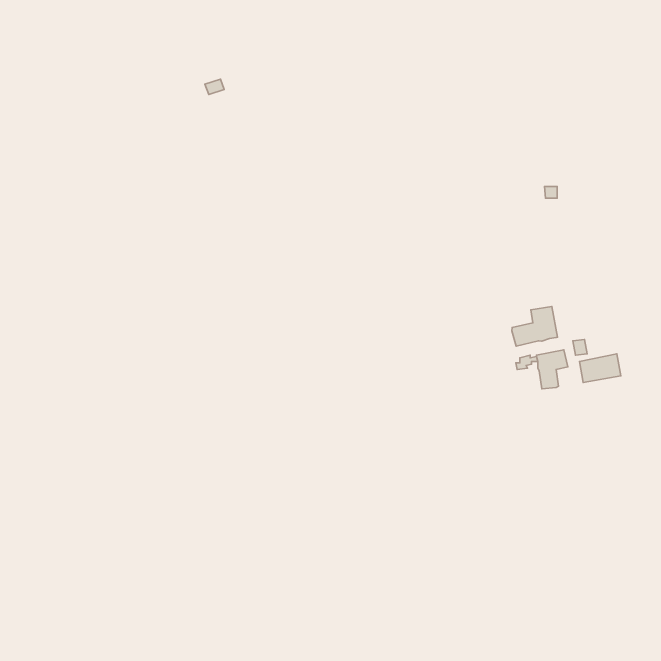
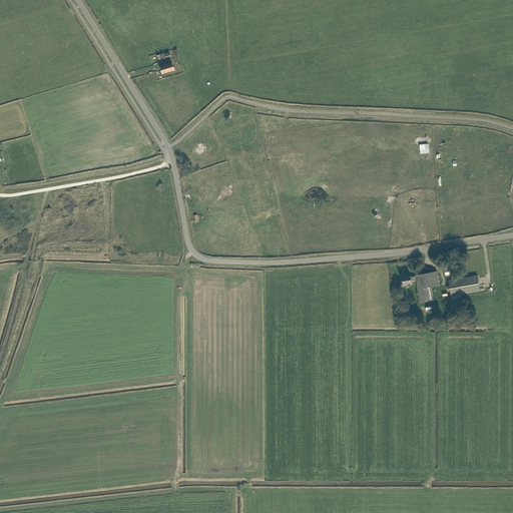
building: [512,307,558,346] -> none

